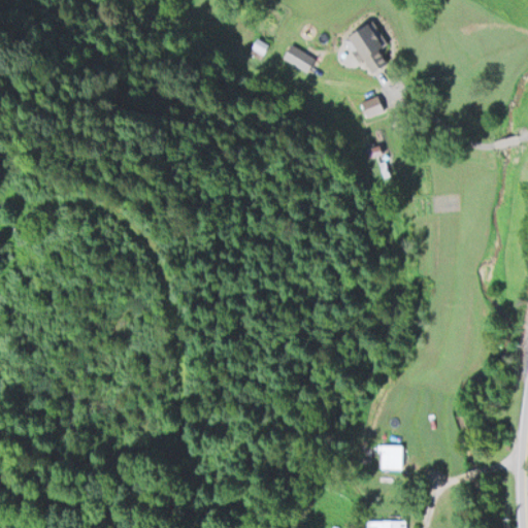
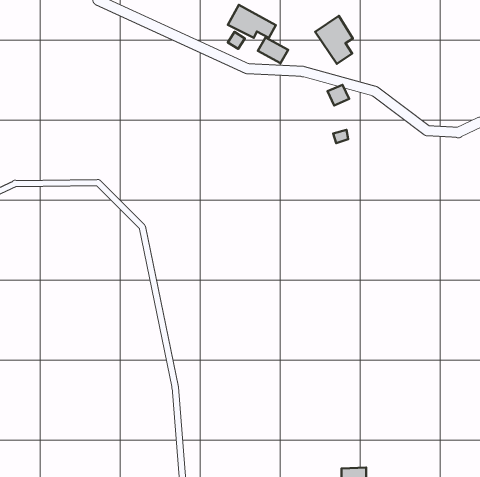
building: none -> [228,5,276,38]
building: [380,447,401,469] -> none

